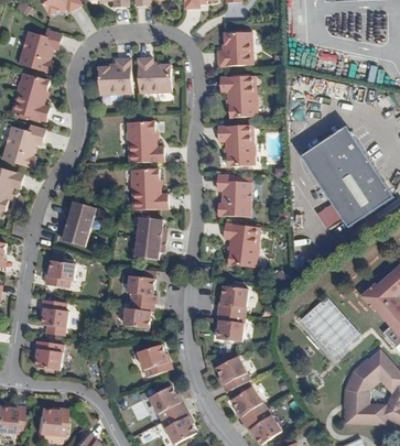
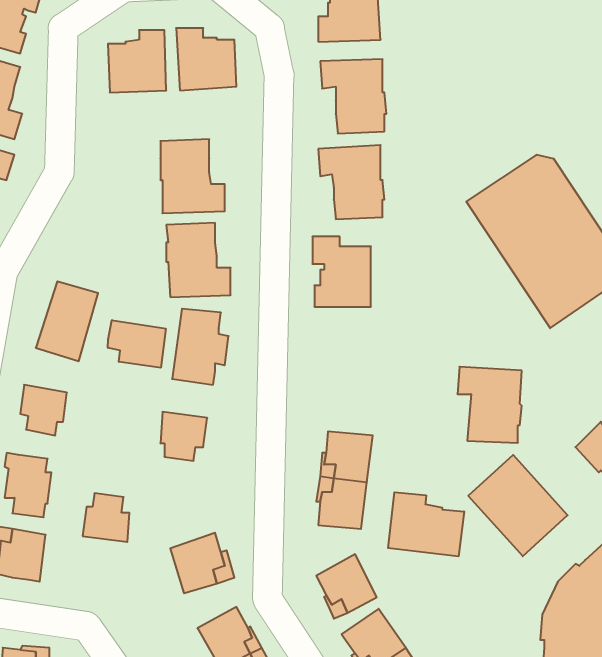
building: none -> [108,320,166,368]
building: [219,222,256,265] -> [457,367,522,443]
building: [123,300,150,327] -> [83,493,129,542]
building: none -> [388,492,464,556]

